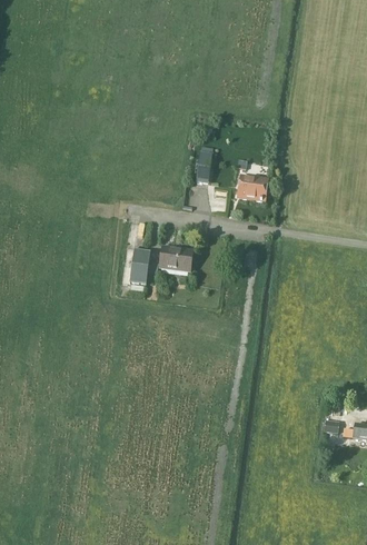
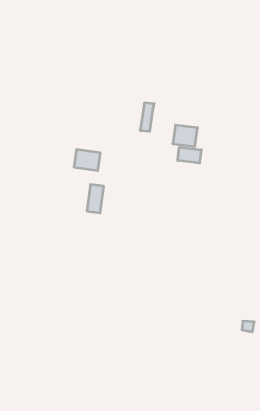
building: none -> [178,147,201,163]
building: [159,245,192,271] -> [74,149,100,171]

